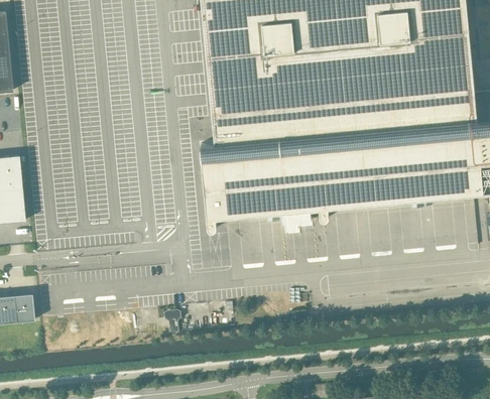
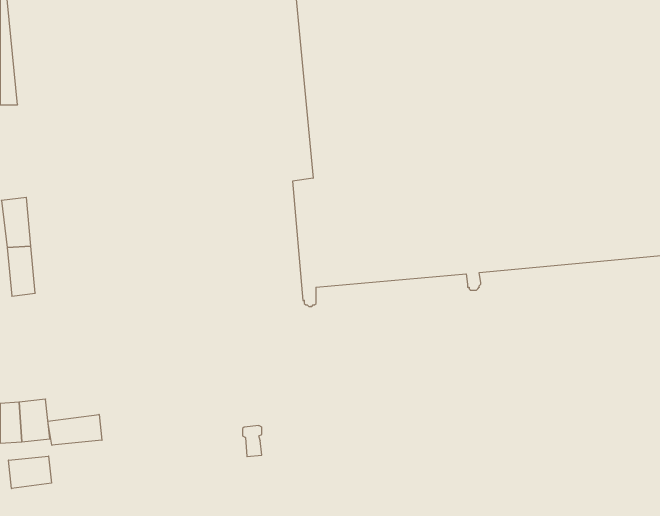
building: none -> [48,414,102,445]
building: none -> [9,456,51,489]

